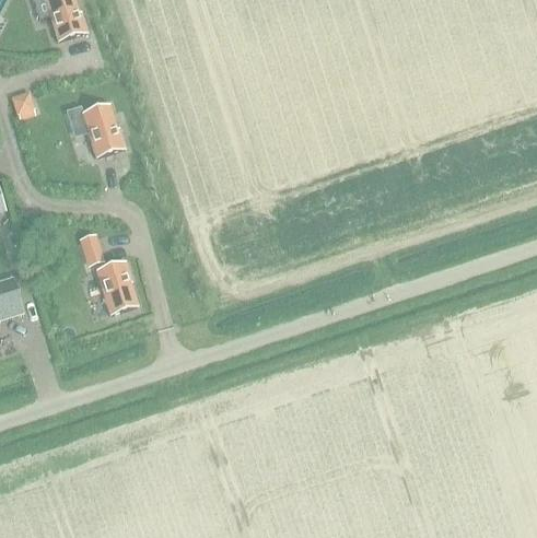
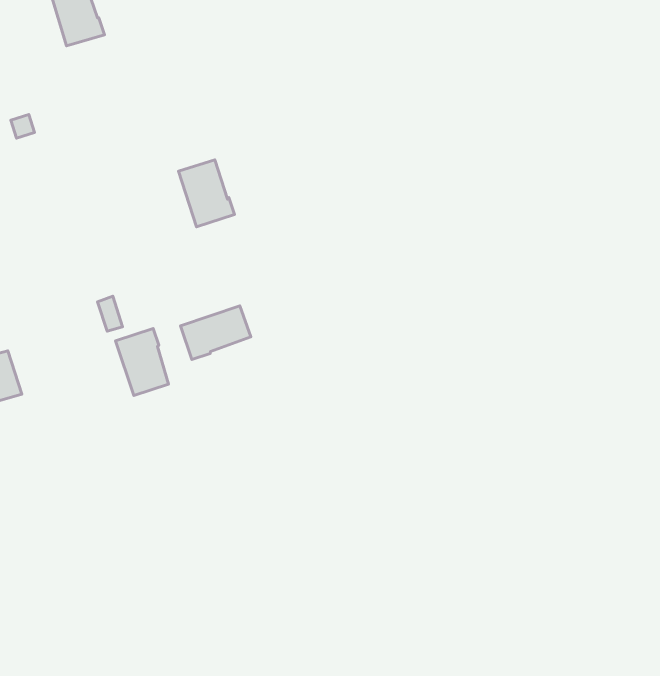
building: [80,103,124,155] -> [178,160,234,227]
building: none -> [180,306,251,360]

